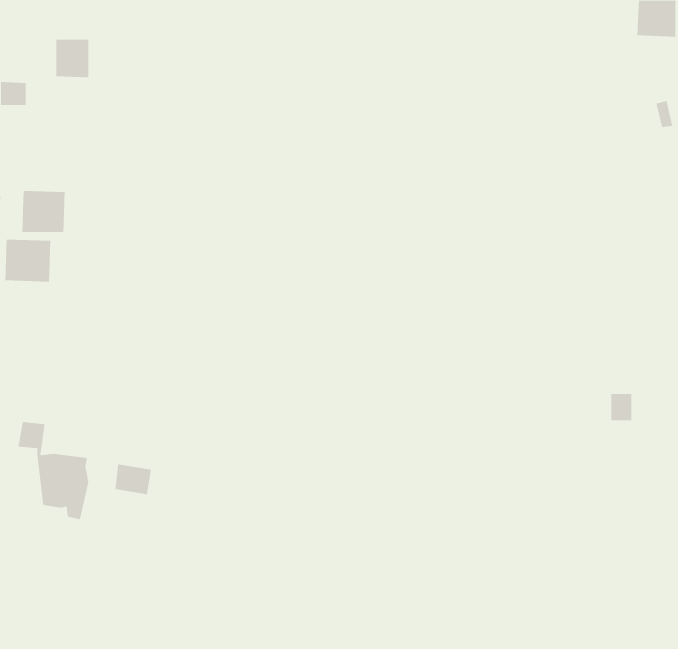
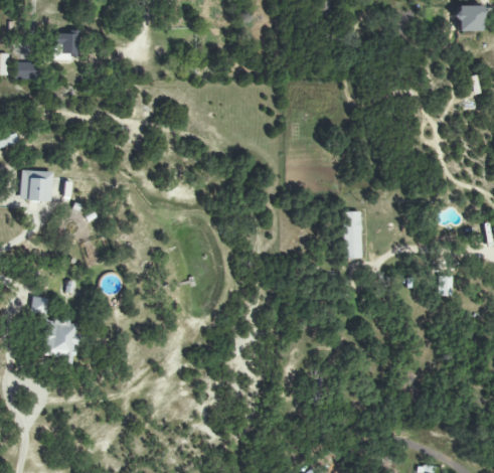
building: [22,190,66,233] -> none
building: none -> [343,211,362,259]
building: [115,464,152,495] -> none

